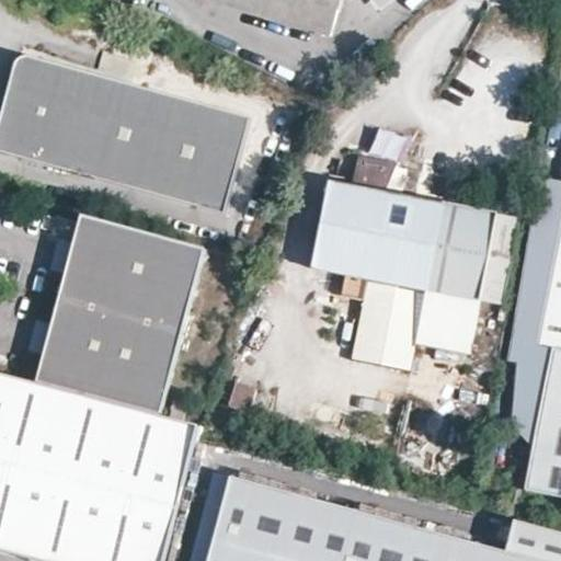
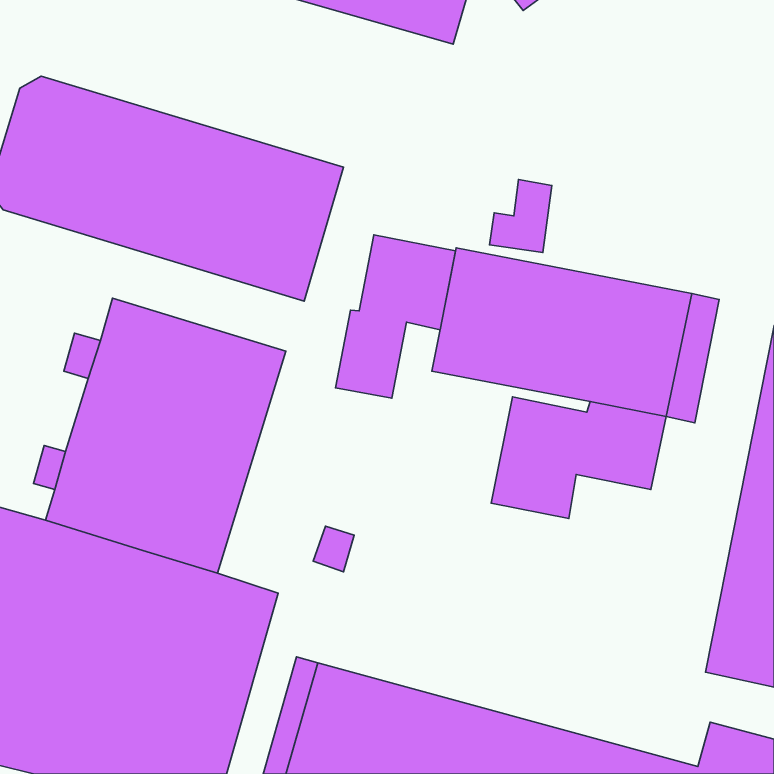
building: none -> [335,235,456,398]

